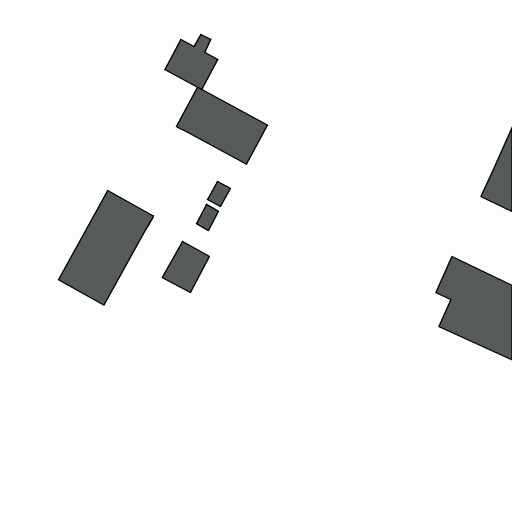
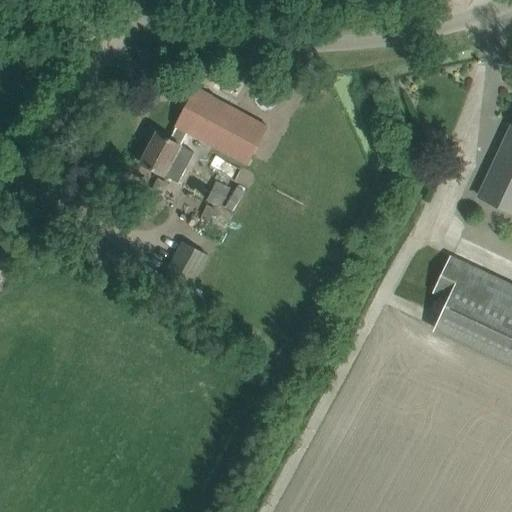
building: [165,34,218,90] -> [141,127,194,182]
building: [59,191,153,305] -> none

